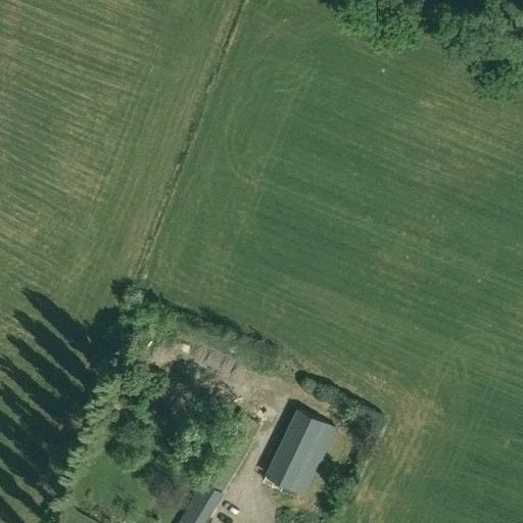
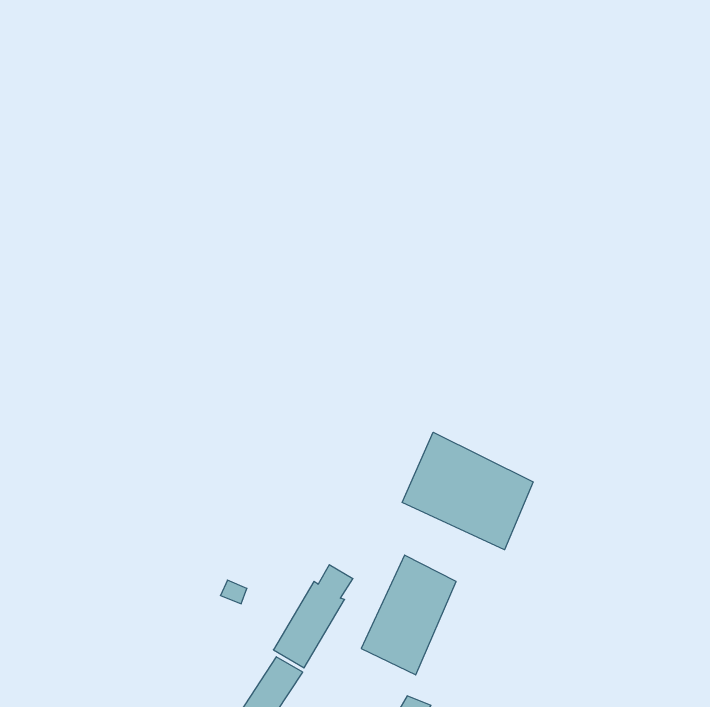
building: none -> [402,432,533,550]

